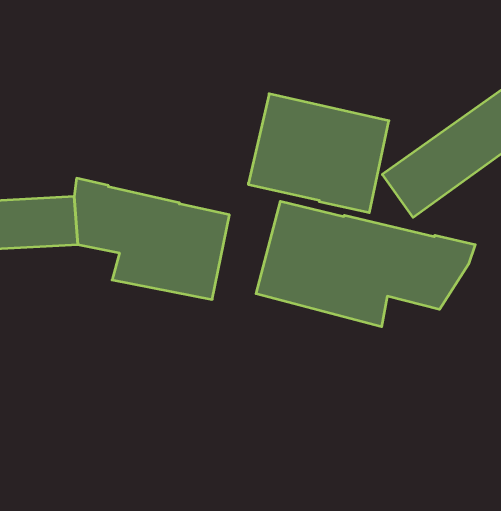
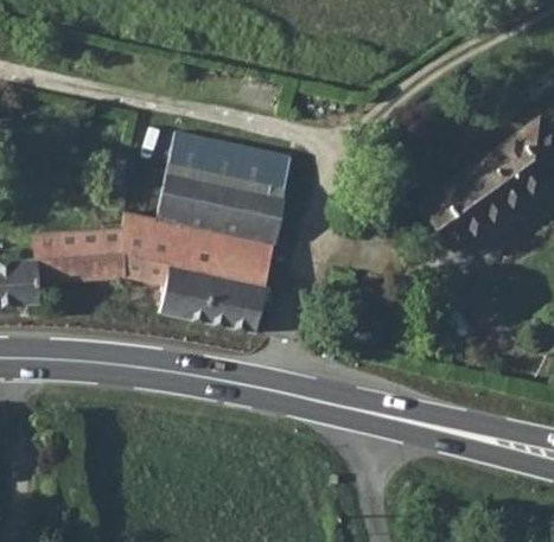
building: [248,94,389,213] -> [155,130,292,246]
building: [256,201,475,327] -> none

